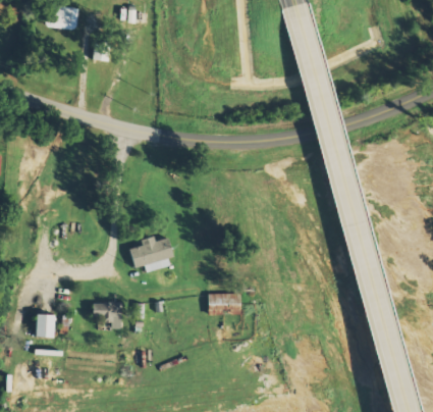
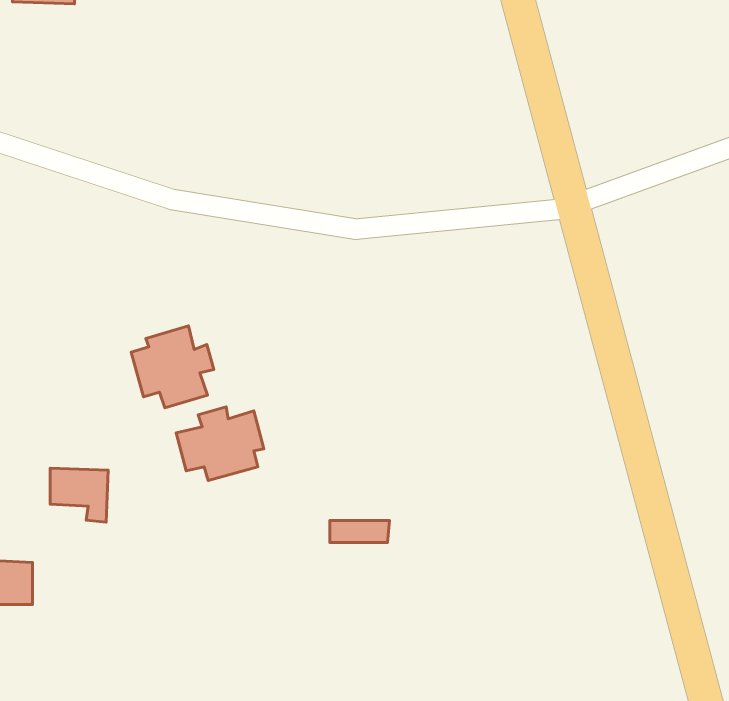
building: none -> [131,326,214,408]
building: [93,302,122,329] -> [50,468,108,522]

